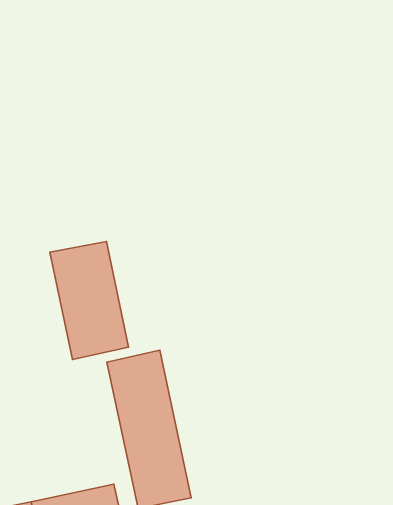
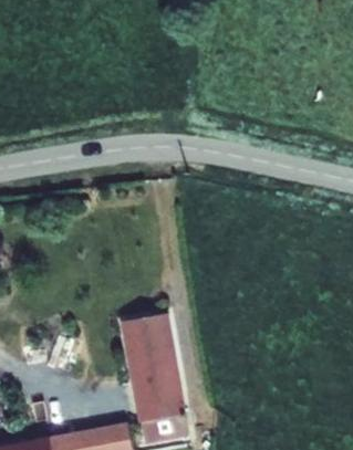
building: [50,241,128,360] -> none

